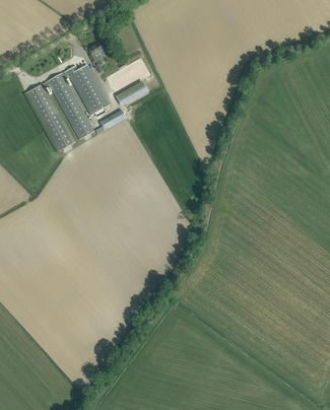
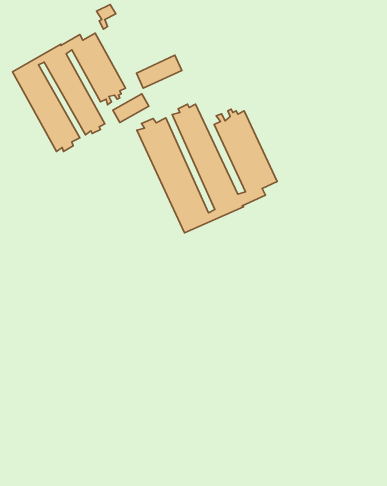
building: none -> [137,104,277,233]

